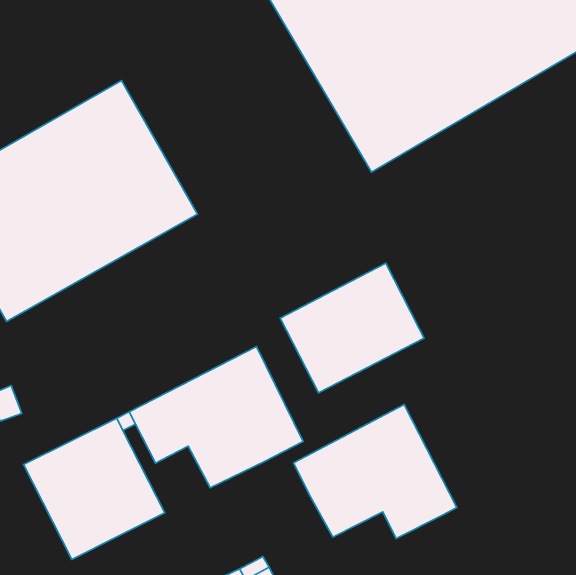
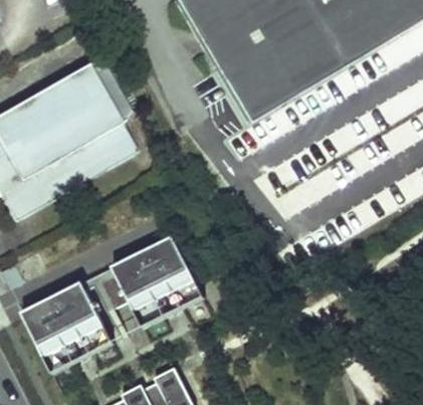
building: [280,263,424,393] -> none
building: [293,404,457,539] -> none

